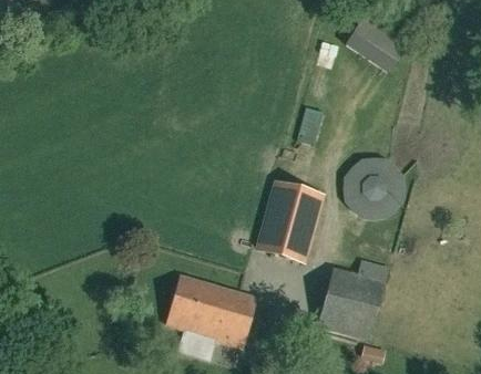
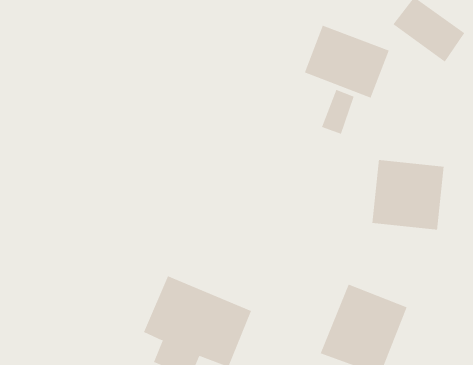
building: none -> [304,25,389,99]
building: [258,181,323,261] -> none

